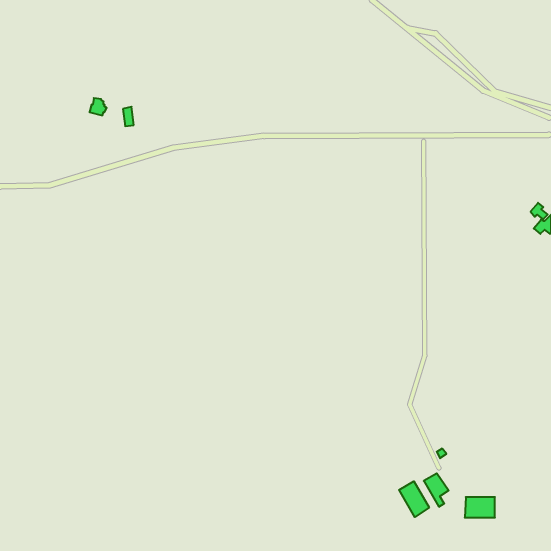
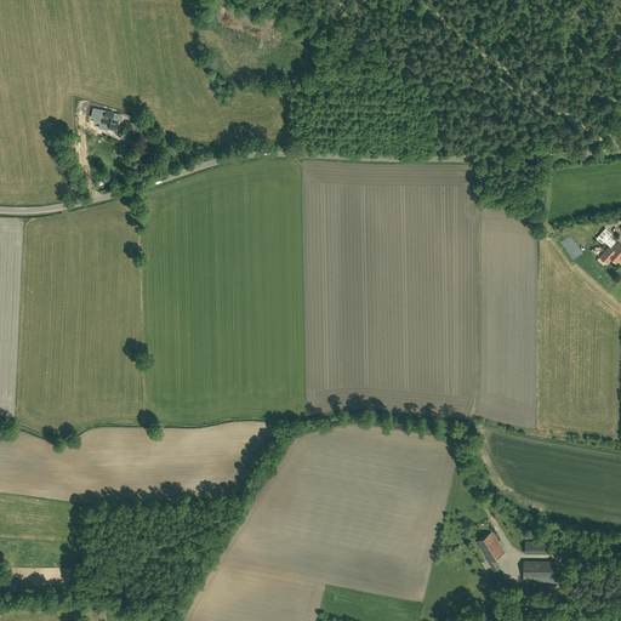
building: [399,481,429,517] -> none

